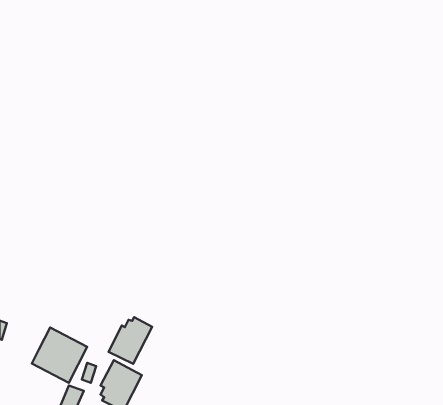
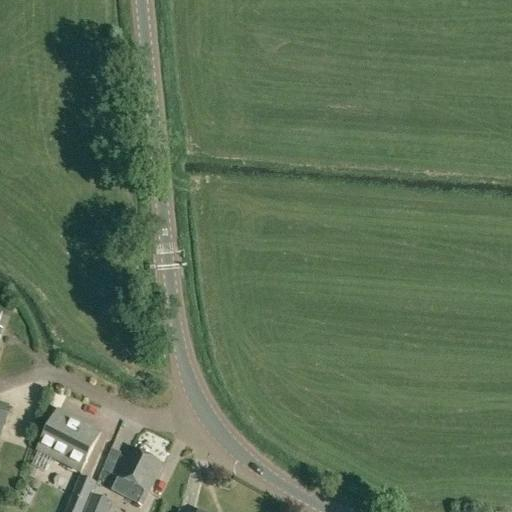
building: [108,317,152,364] -> none

